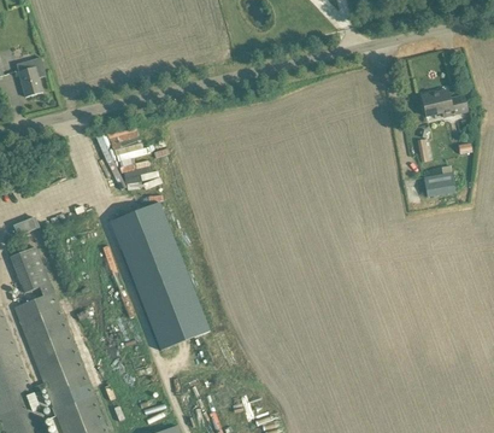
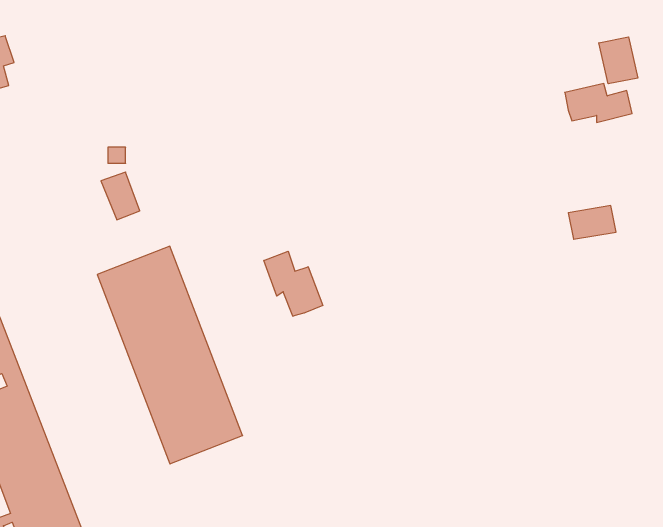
building: none -> [599,37,638,84]
building: none -> [264,251,323,316]

